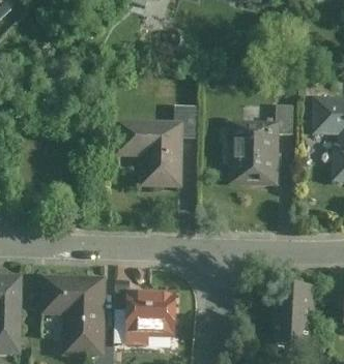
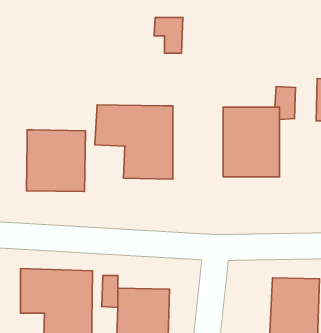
building: [171,110,197,142] -> [154,18,183,53]
building: none -> [26,130,85,192]

